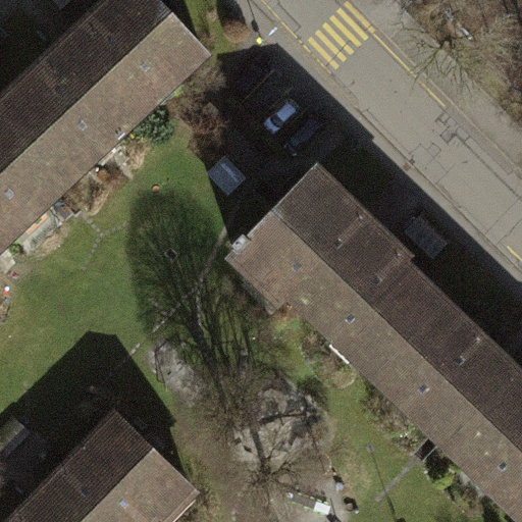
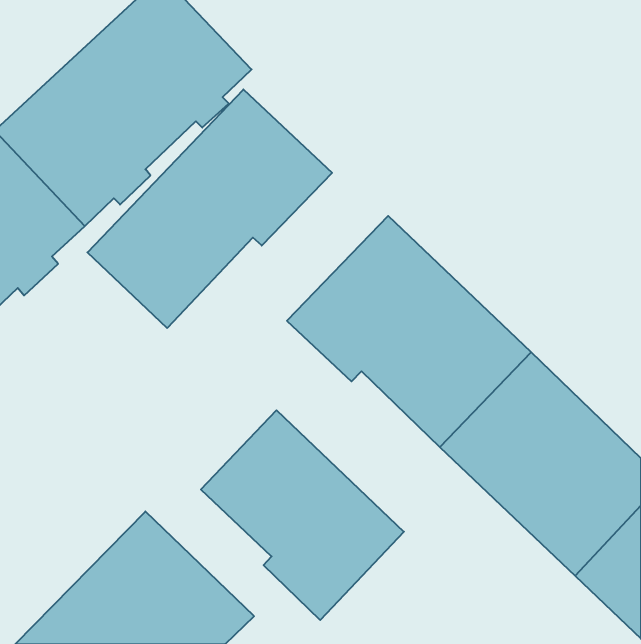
building: none -> [87,89,332,328]
building: none -> [201,410,404,620]

